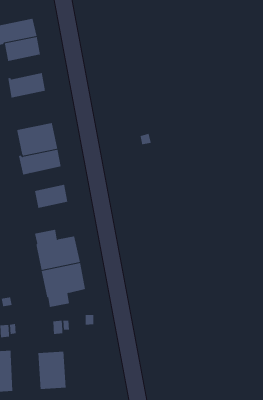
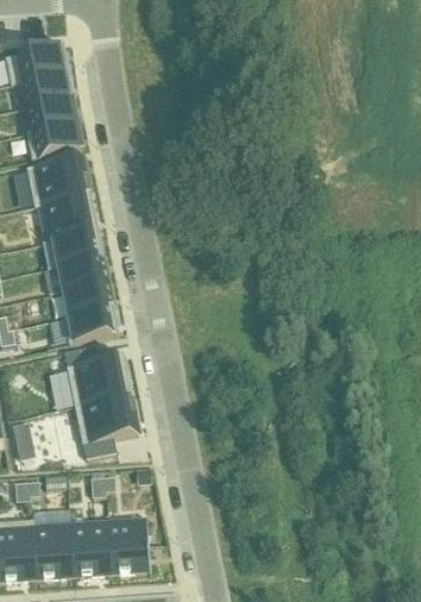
building: none -> [25,96,75,131]
building: none -> [25,155,89,206]
building: none -> [57,256,107,290]
building: none -> [62,306,118,343]
building: none -> [106,515,150,571]
building: none -> [31,521,71,576]

